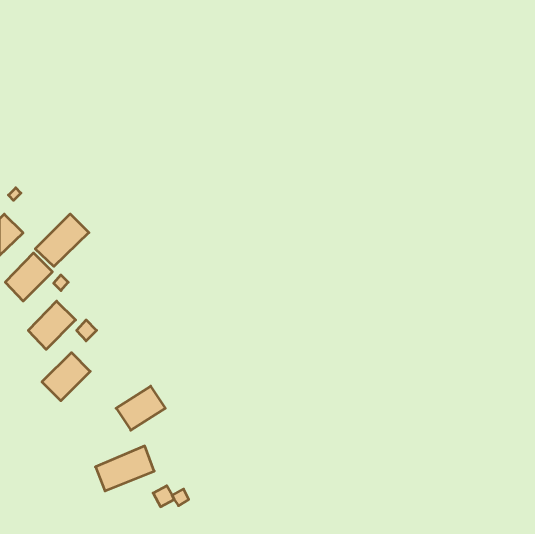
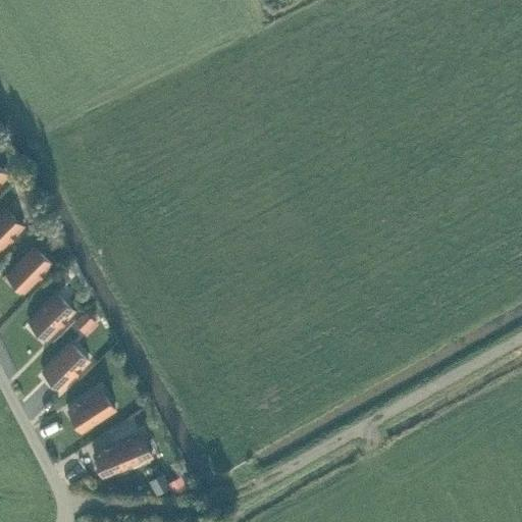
building: [35,214,89,266] -> none
building: [116,386,165,430] -> [66,390,114,433]

